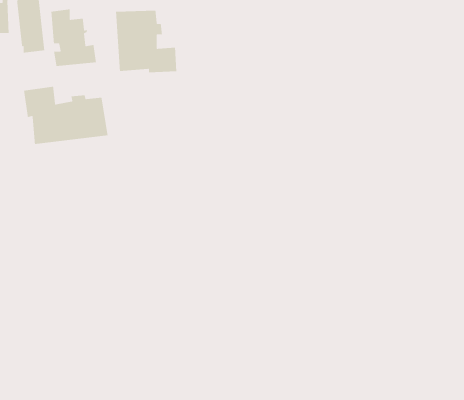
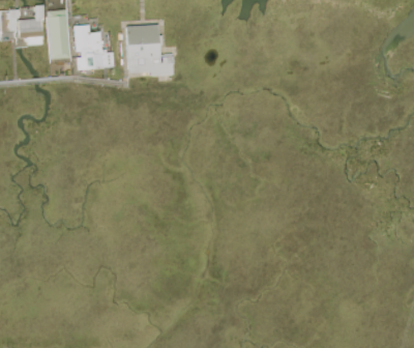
building: [23,86,108,145] -> none

